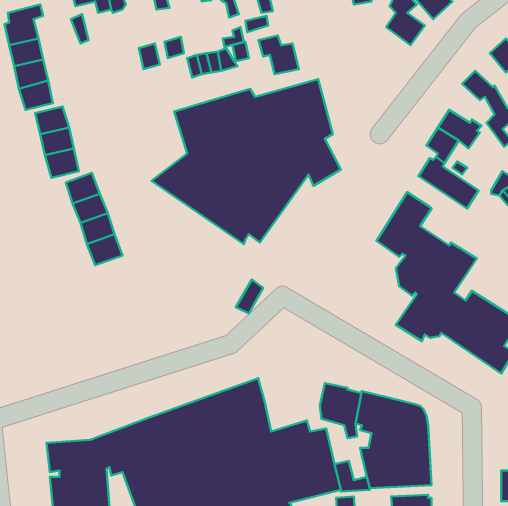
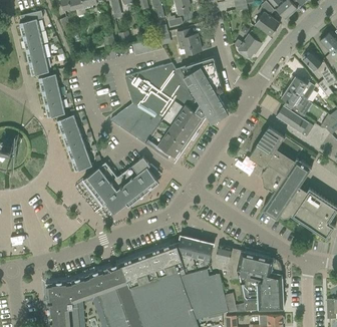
building: none -> [235,31,262,58]
building: none -> [83,157,161,212]
building: none -> [177,237,214,276]

